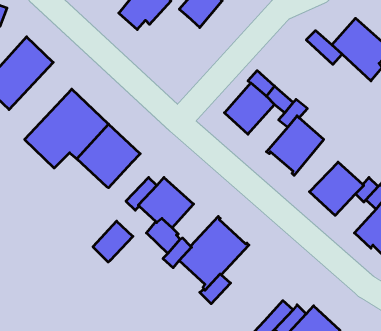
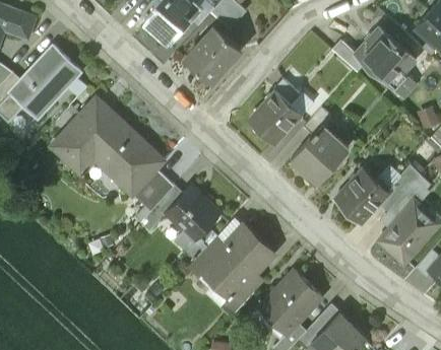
building: none -> [183,26,239,83]
building: [93,221,133,262] -> [134,170,174,211]
building: none -> [263,271,320,328]

